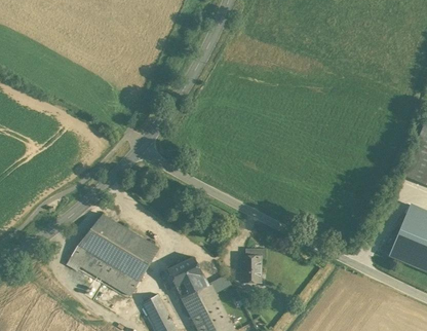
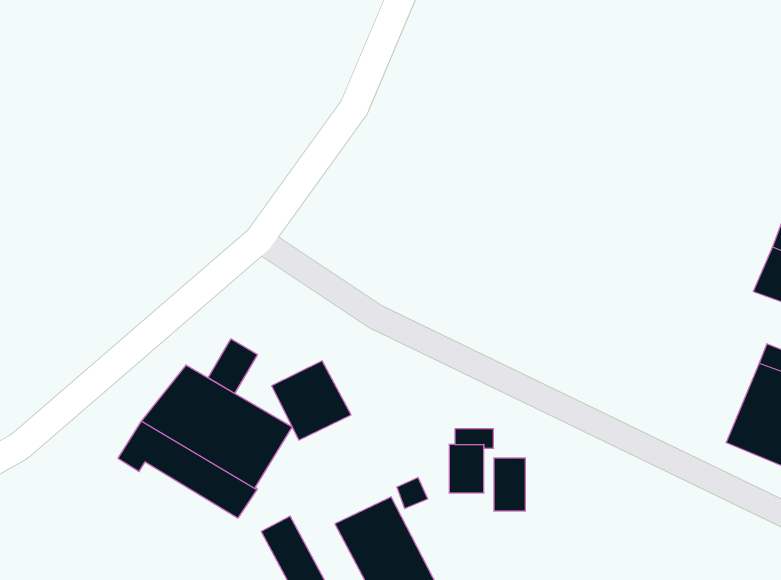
building: none -> [208,339,257,393]
building: [167,257,209,299] -> [272,361,351,440]
building: none -> [494,458,525,511]

